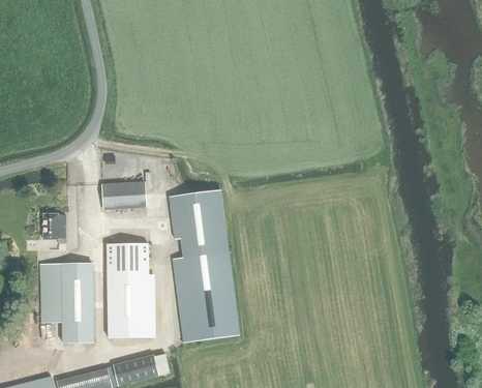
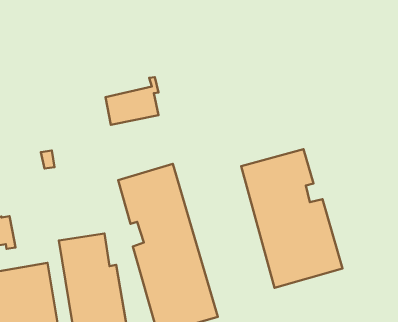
building: [100,172,149,209] -> [105,77,158,125]
building: none -> [241,149,343,288]

